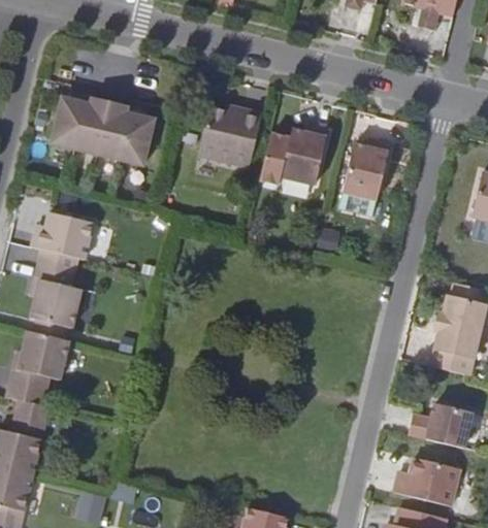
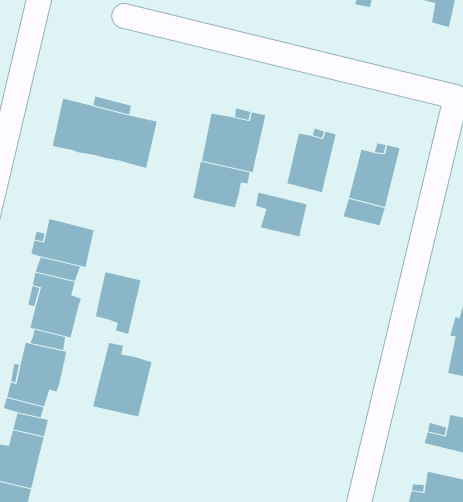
building: none -> [193,161,250,208]
building: none -> [255,192,307,237]
building: none -> [95,272,141,335]
building: none -> [93,342,152,417]

